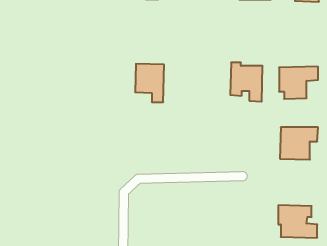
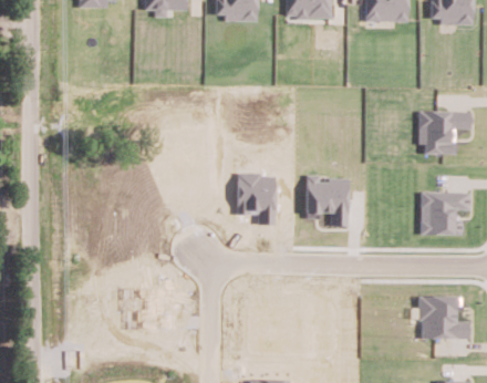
building: [230,63,263,102] -> [305,175,349,227]
building: [135,64,164,102] -> [237,174,276,225]

